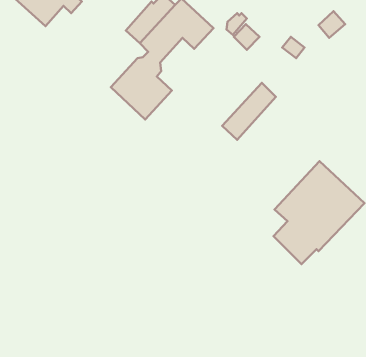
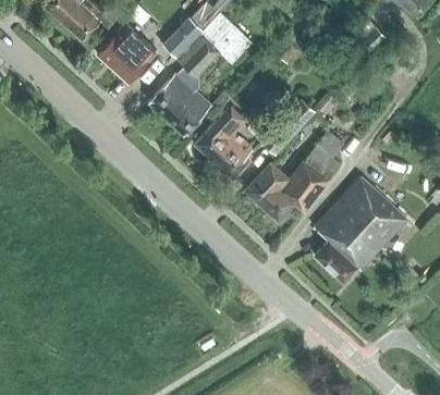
building: none -> [96,24,155,83]
building: none -> [193,104,252,180]
building: none -> [244,122,351,221]

